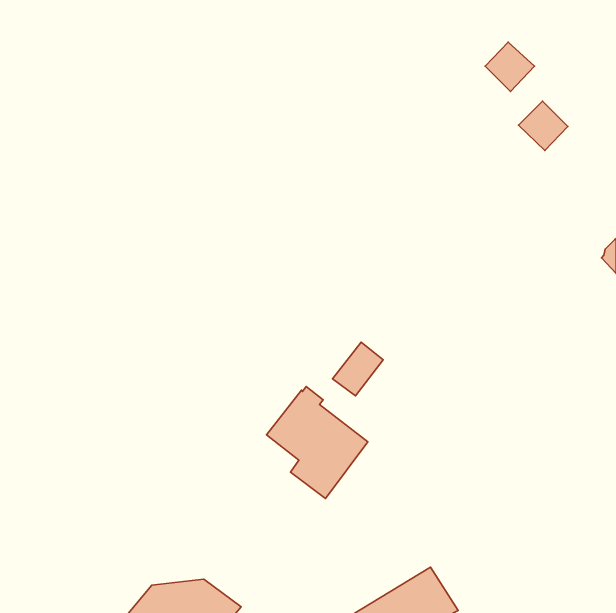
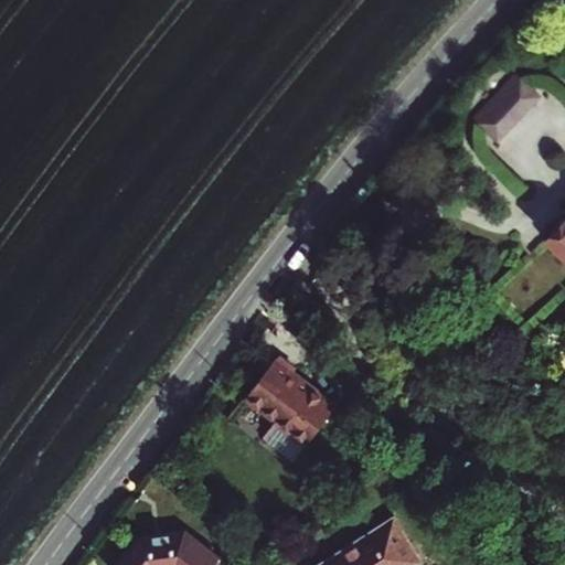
building: [485,42,535,91] -> [497,73,542,118]
building: [332,342,383,396] -> none

